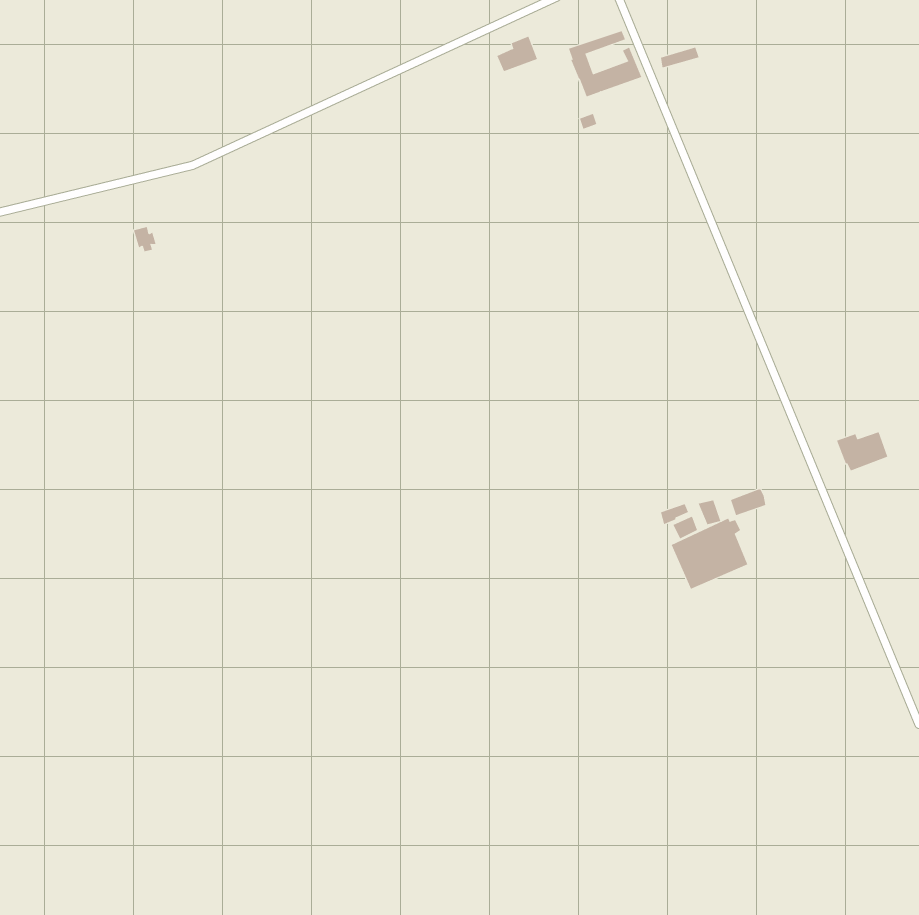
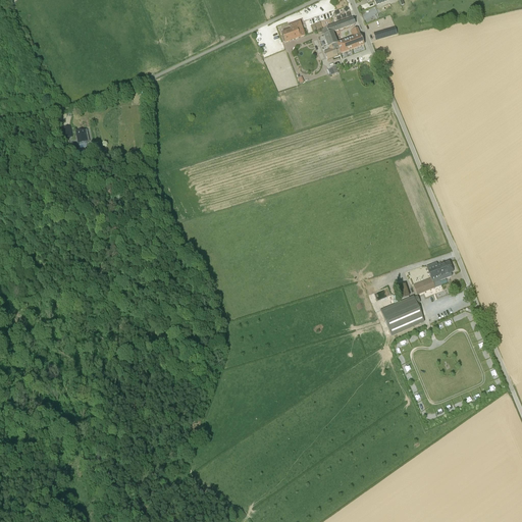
building: [836,432,888,471] -> [425,259,455,281]

